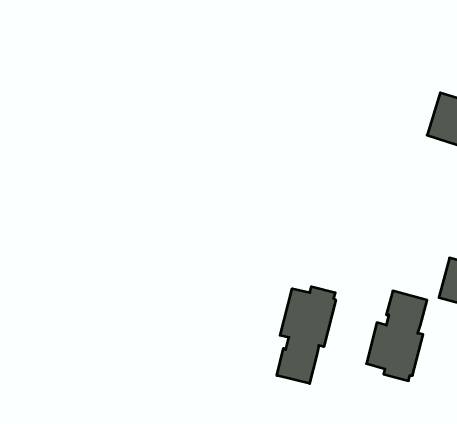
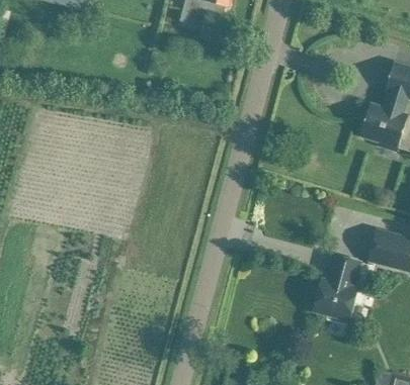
building: [277,287,336,384] -> none

